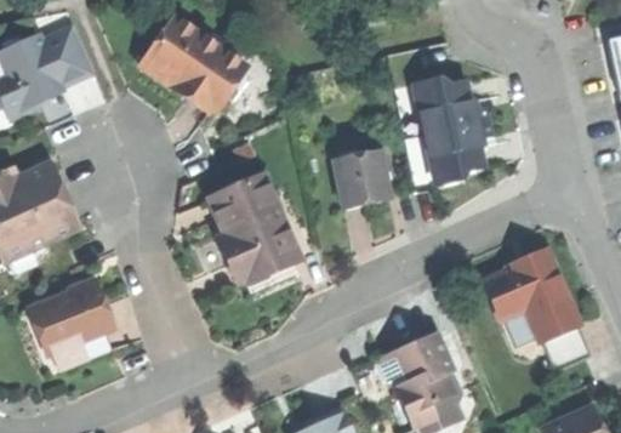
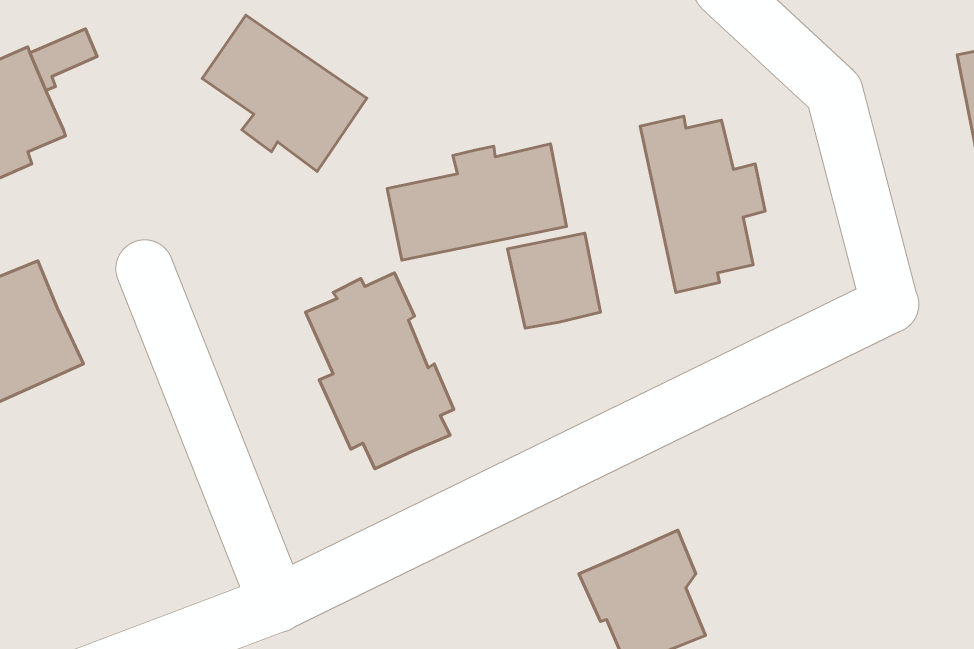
building: [51,40,96,85] -> none
building: none -> [387,144,566,260]
building: [484,247,591,371] -> none
building: [36,281,114,357] -> none

